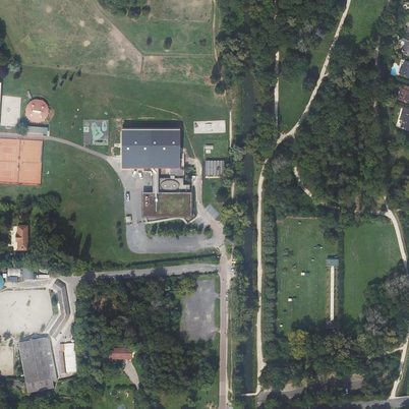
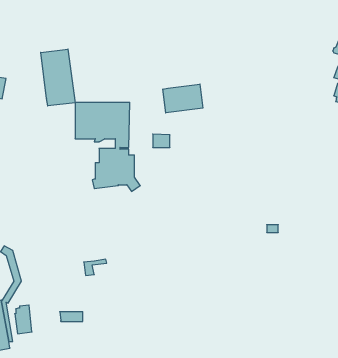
building: none -> [41,49,75,106]
building: none -> [163,84,203,113]

